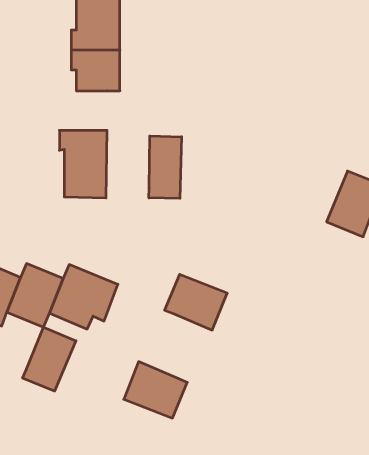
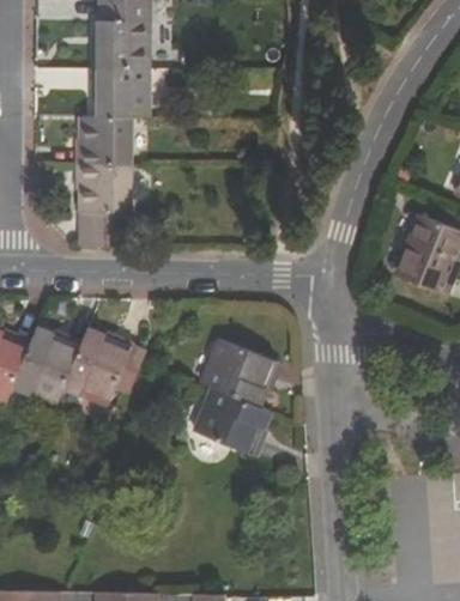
building: none -> [74,117,132,165]
building: [149,136,182,198] -> none
building: [23,327,76,391] -> none
building: [124,362,187,418] -> [193,386,270,454]

